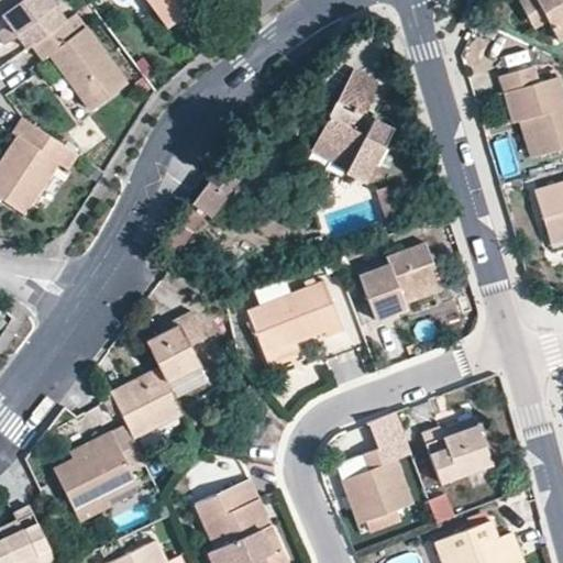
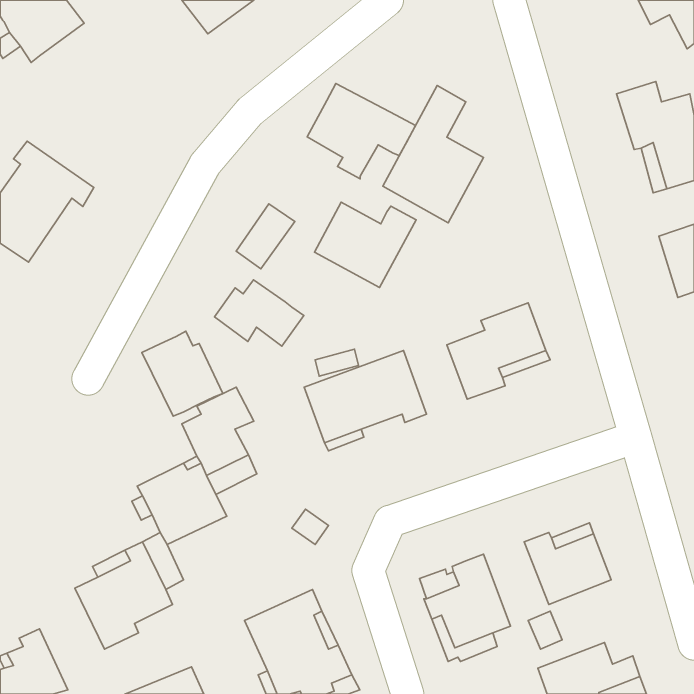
building: [32,19,126,109] -> none
building: none -> [307,83,416,179]
building: none -> [315,202,416,287]
building: none -> [215,280,304,346]
building: none -> [142,331,223,416]
building: [367,417,412,463] -> none

